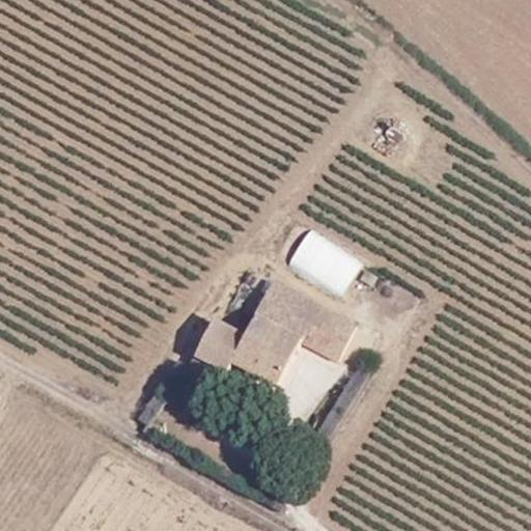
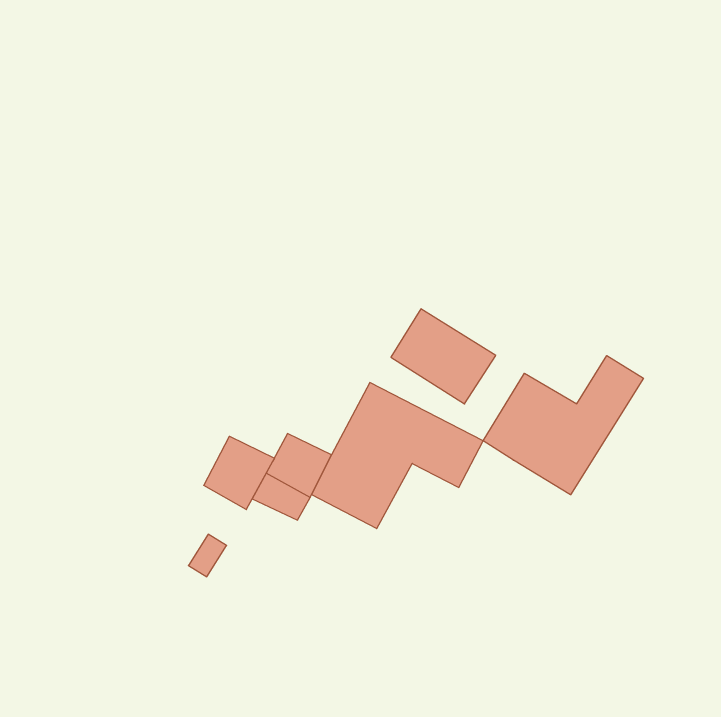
building: none -> [483,356,643,495]
building: none -> [204,436,274,510]

